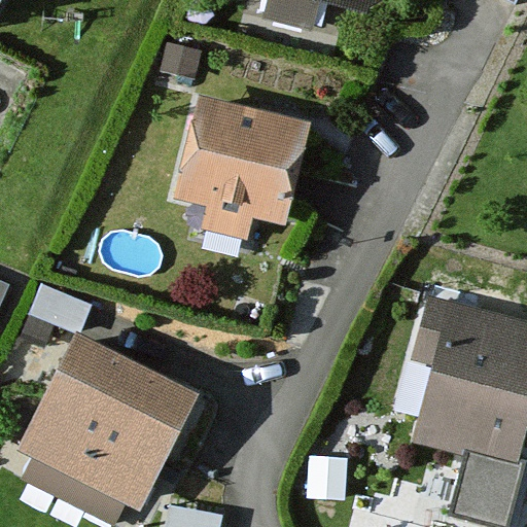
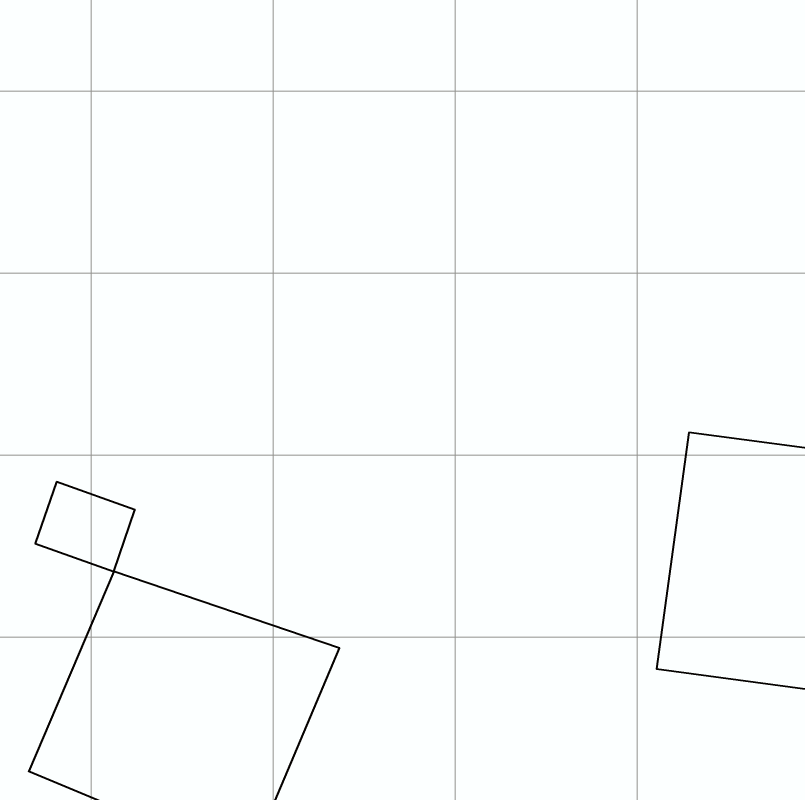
building: [155,91,323,243] -> none

